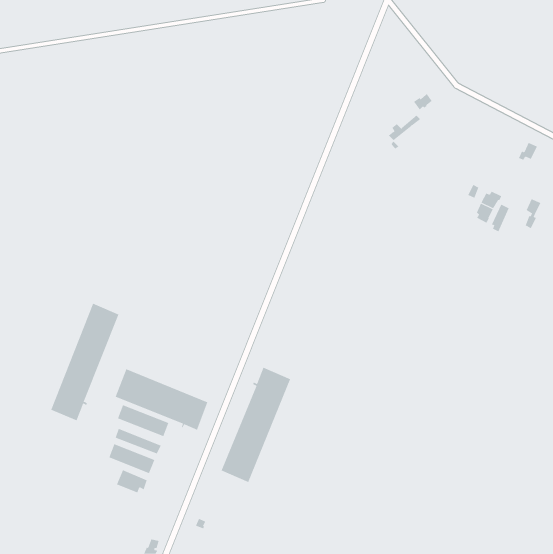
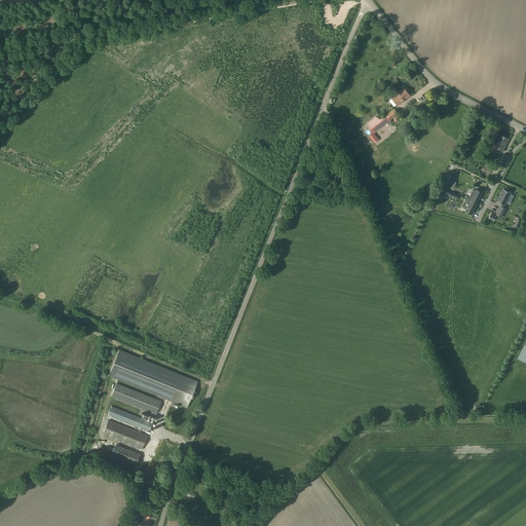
building: [50,303,119,421] -> none
building: [221,367,291,483] -> none

